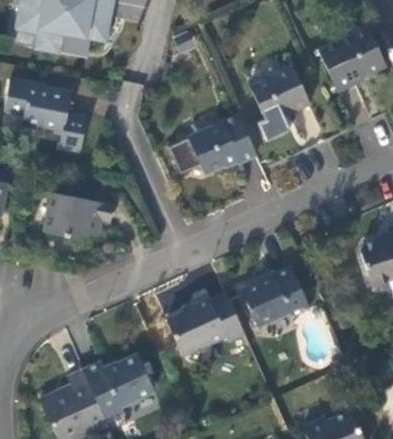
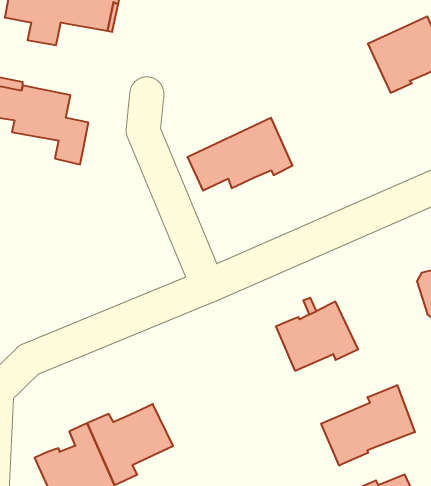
building: [250,67,310,122] -> none
building: [44,192,113,238] -> none
building: [167,292,244,355] -> none
building: none -> [321,385,415,466]

